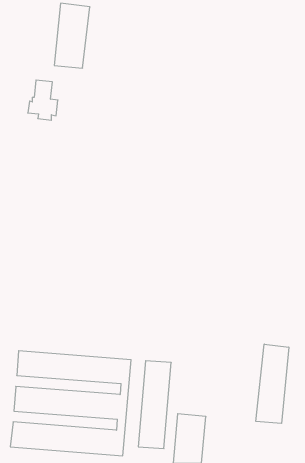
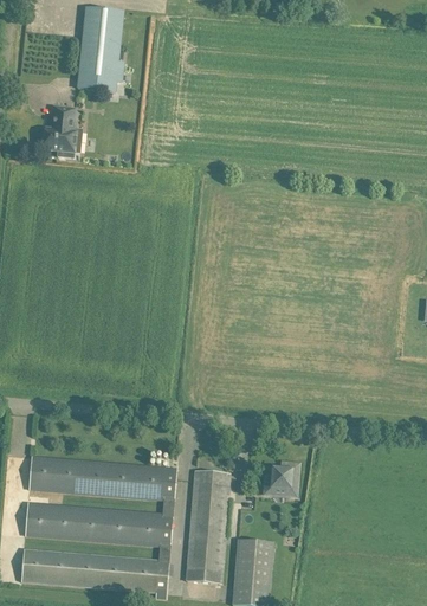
building: [256,344,289,423] -> none
building: none -> [263,460,299,495]

